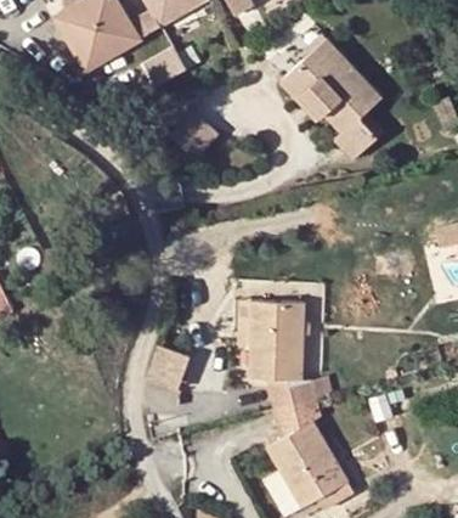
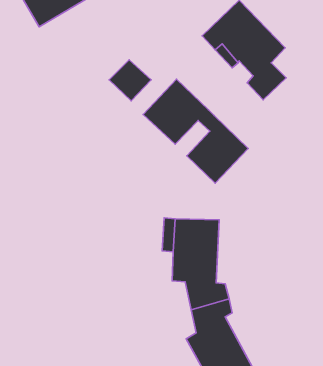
building: none -> [143,79,248,183]
building: [142,350,182,394] -> none

